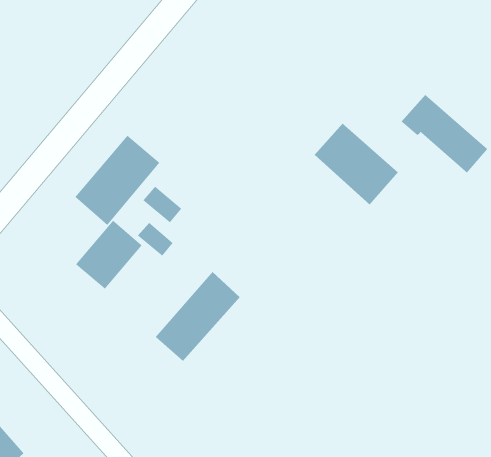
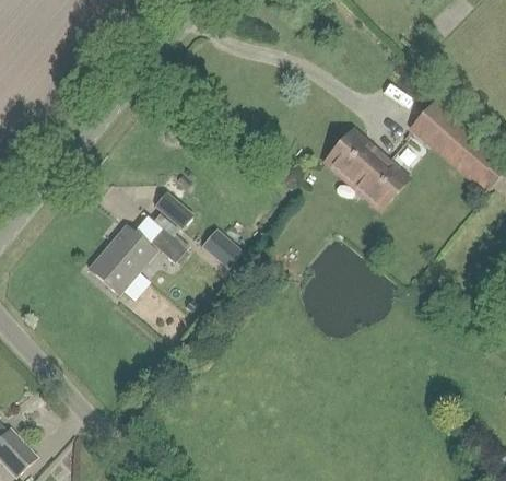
building: [74,135,160,226] -> none
building: none -> [201,228,244,270]
building: [155,271,241,362] -> none

